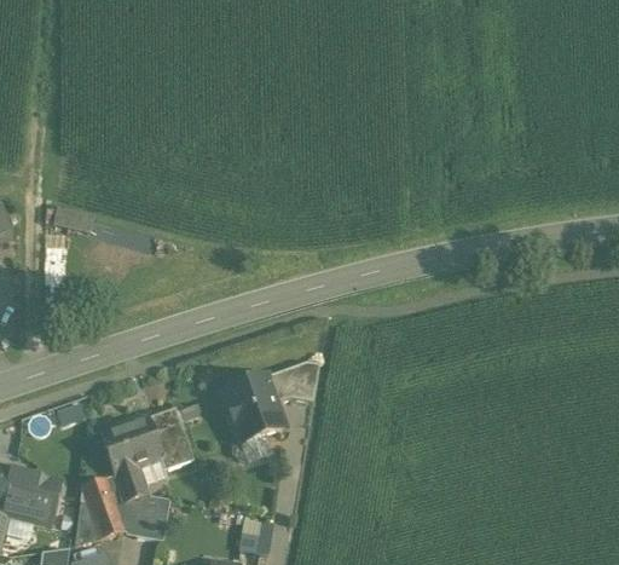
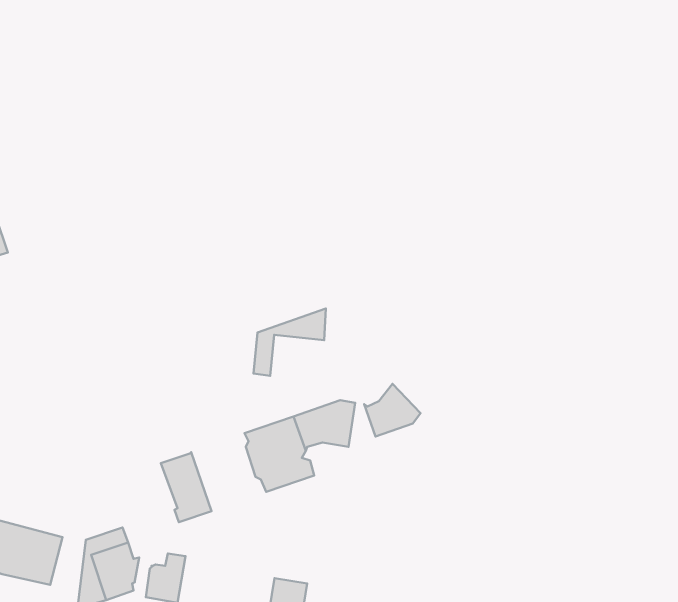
building: none -> [253,308,326,376]
building: none -> [364,384,421,437]
building: [99,416,162,501] -> none

